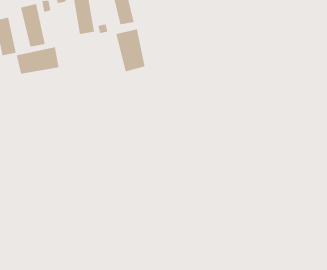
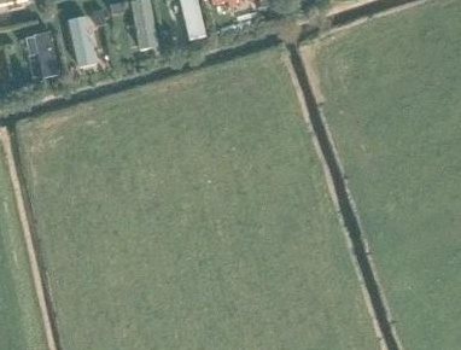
building: [116,29,145,72] -> none
building: [16,46,59,74] -> none

